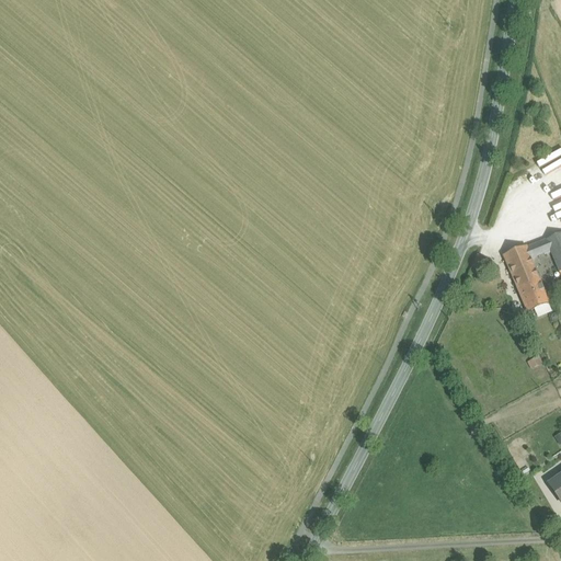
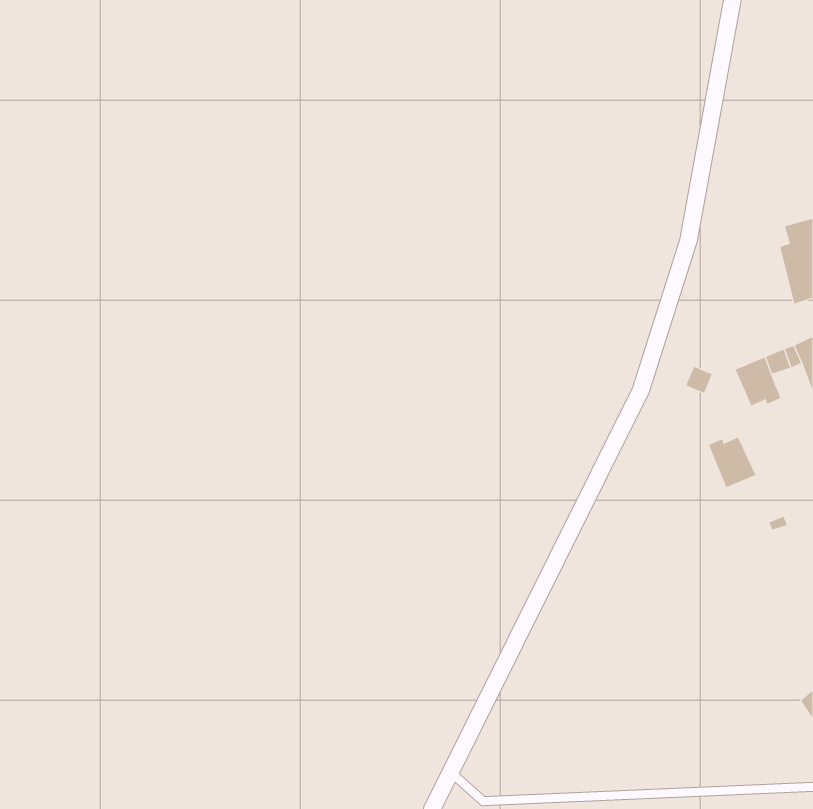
building: [516,274,549,309] -> [708,437,756,488]

